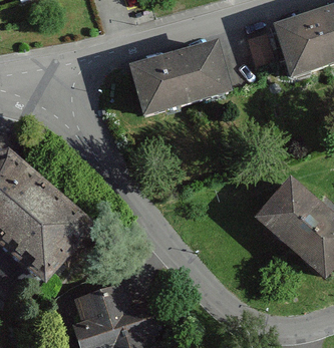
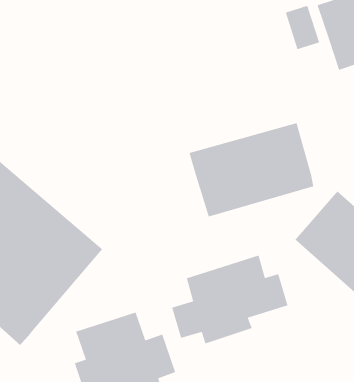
building: [127,38,231,116] -> [189,122,314,217]
building: none -> [171,254,289,345]

